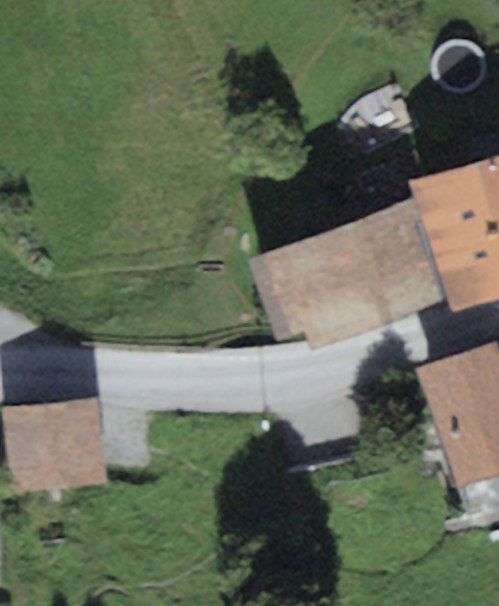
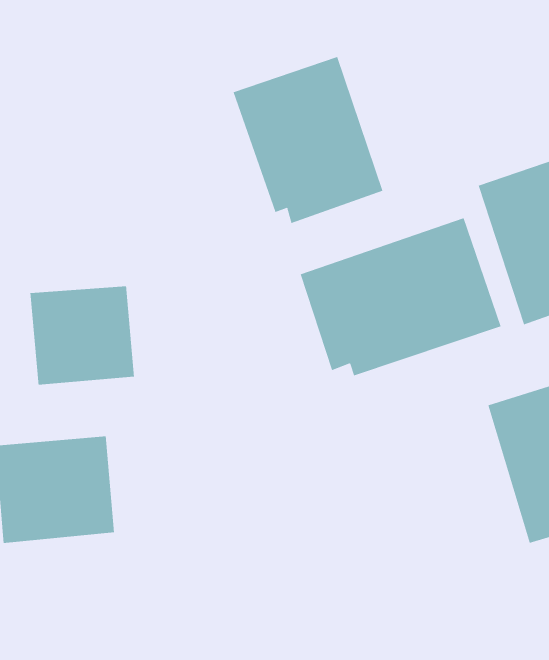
building: none -> [233,56,383,224]
building: none -> [30,285,134,385]

